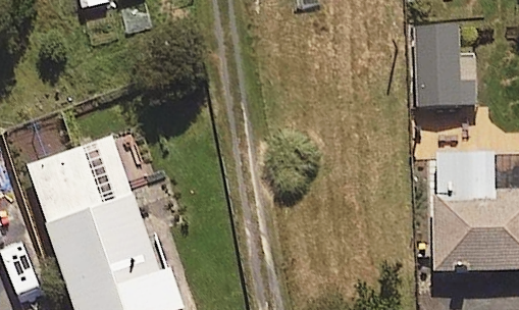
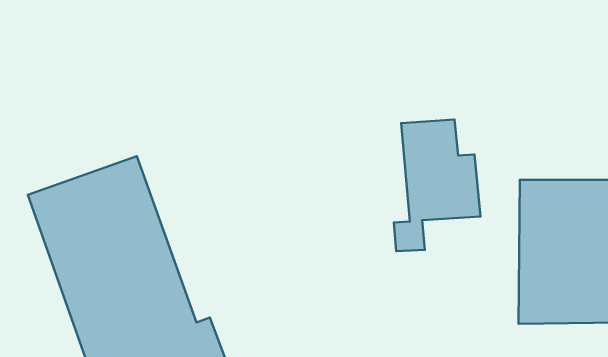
building: [400,23,471,132] -> [394,120,481,251]

